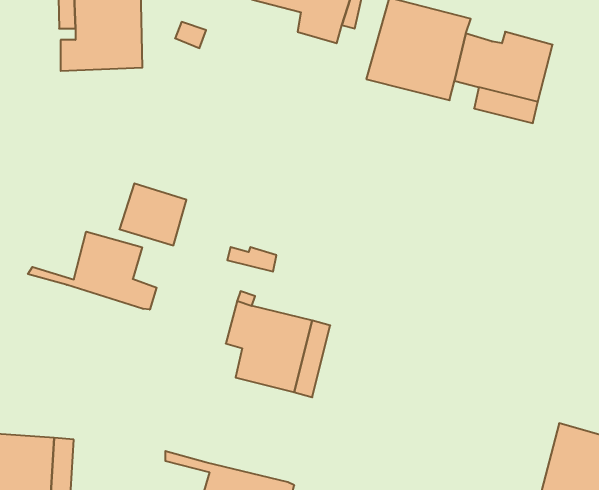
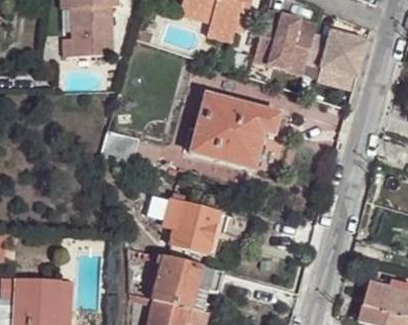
building: none -> [193,92,280,165]
building: [28,232,157,310] -> none
building: none -> [128,247,222,310]

